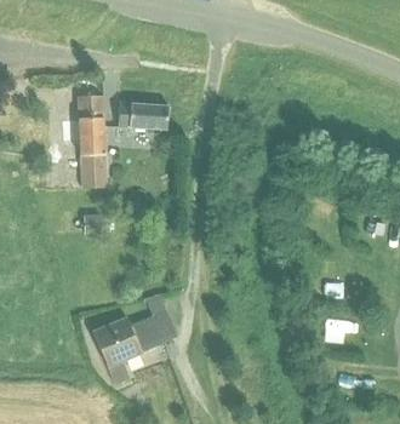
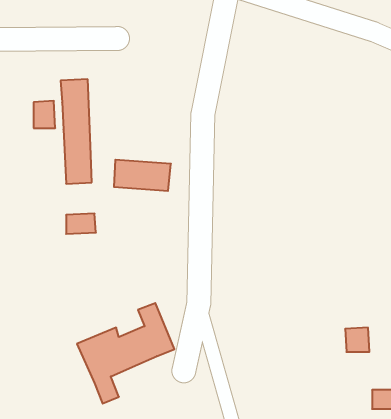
building: [118,102,168,130] -> [114,160,171,191]

